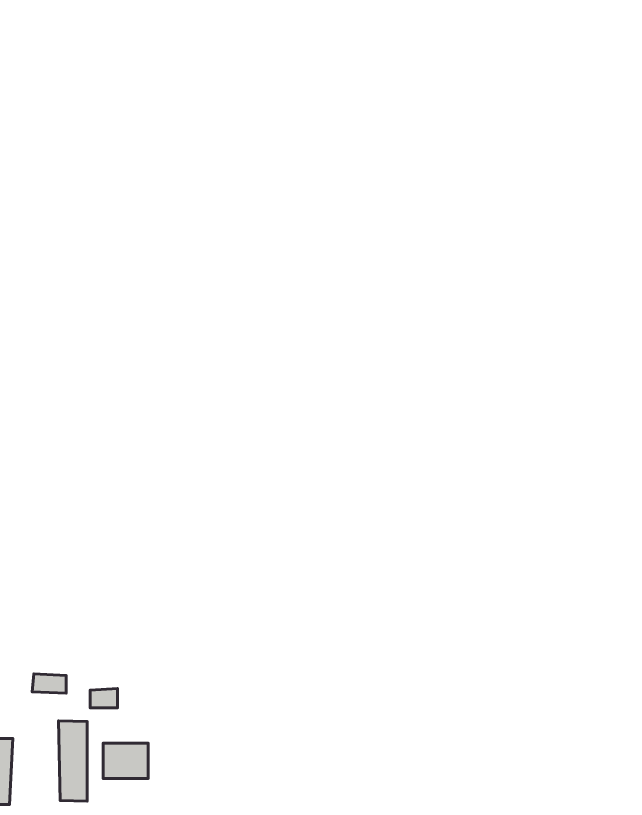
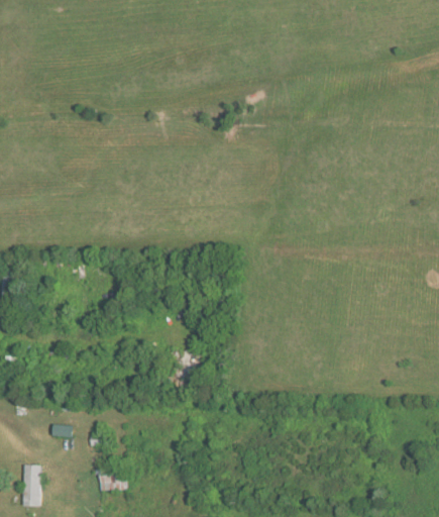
building: [58,721,87,801] -> none

